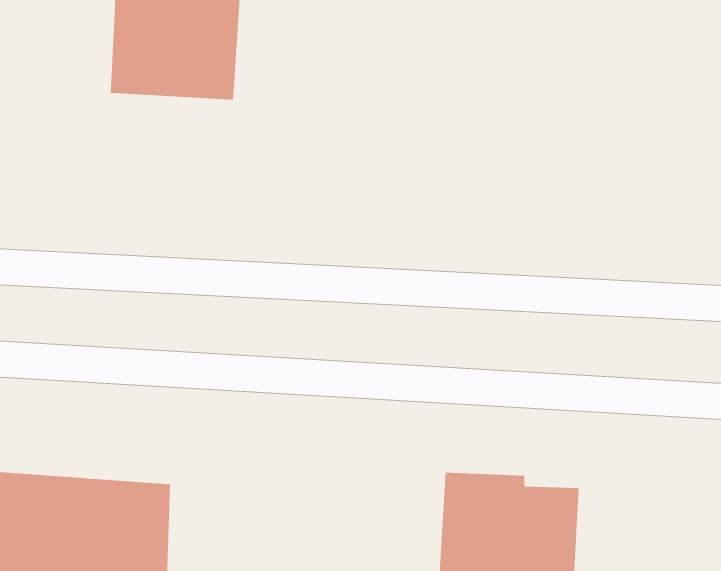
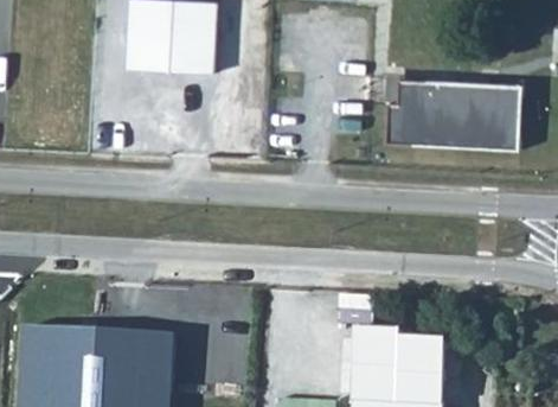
building: none -> [384,78,521,150]

